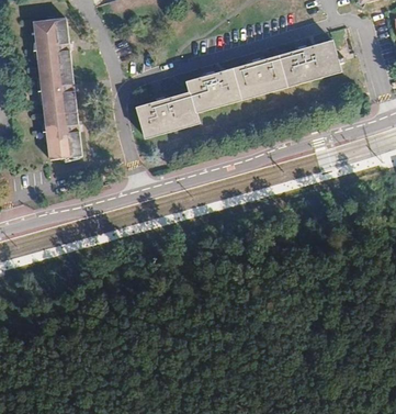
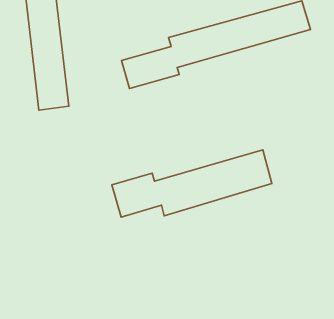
building: none -> [112,150,272,217]

